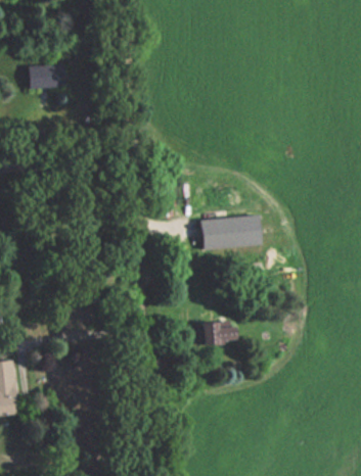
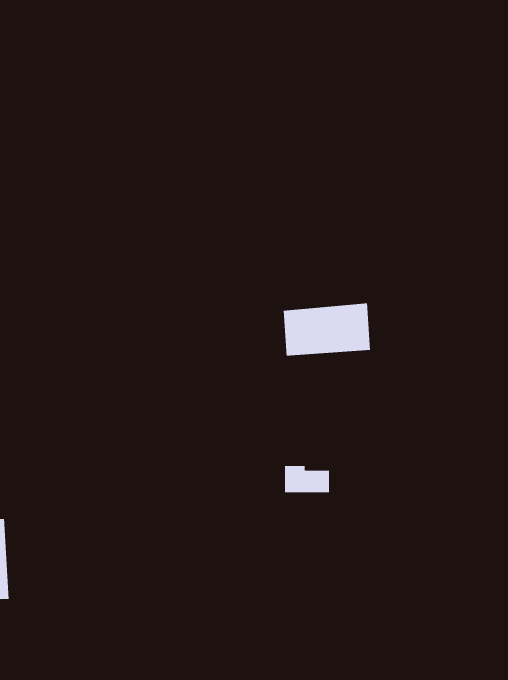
building: [28,63,64,87] -> none

